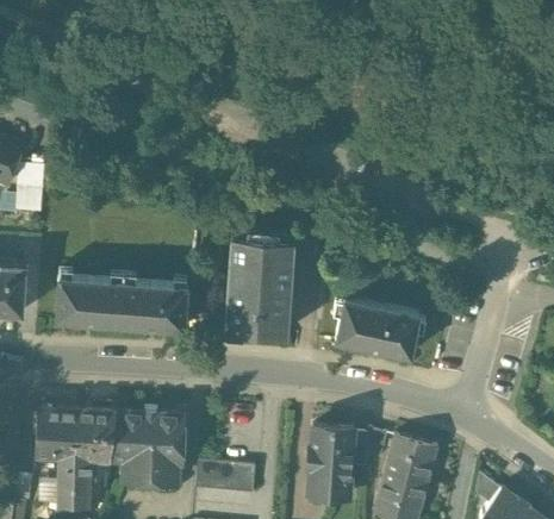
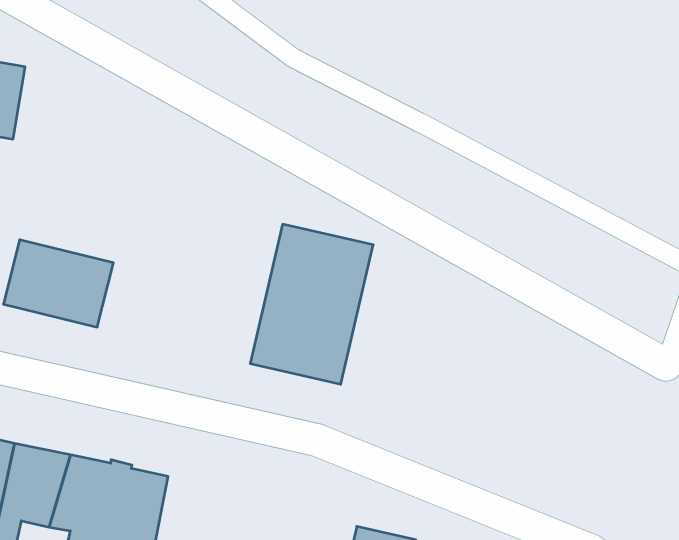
building: [119,280,186,327] -> none
building: [335,298,418,356] -> none

